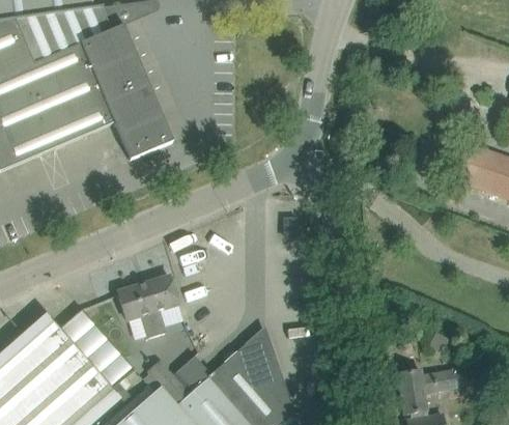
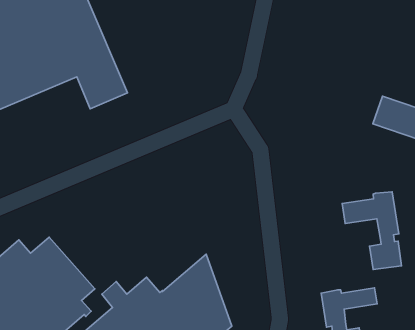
building: none -> [342,192,402,269]
building: [117,276,178,337] -> none

